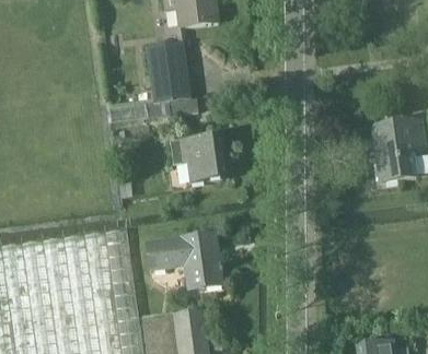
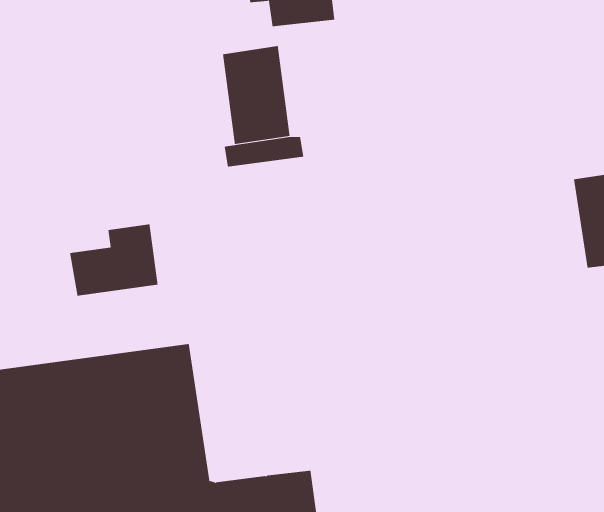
building: [171,132,222,181] -> none
building: none -> [70,223,158,296]
building: [146,231,223,288] -> none

